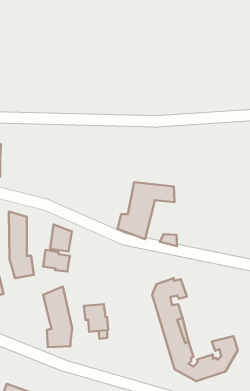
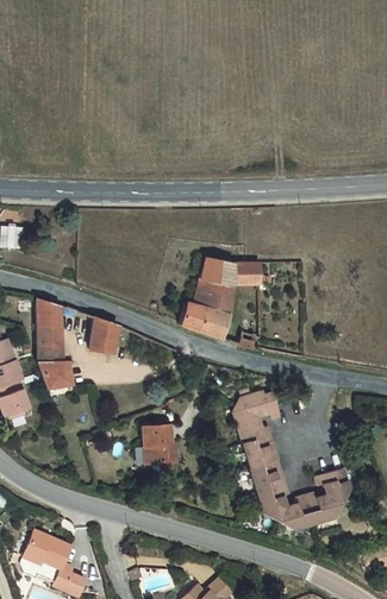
building: [43,250,70,271] -> none
building: [43,286,72,347] -> none

